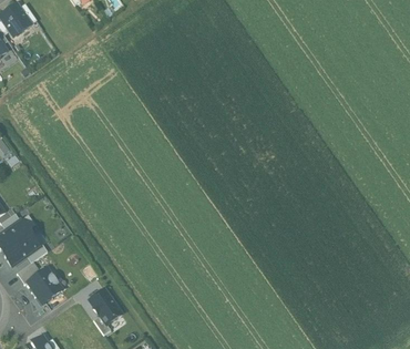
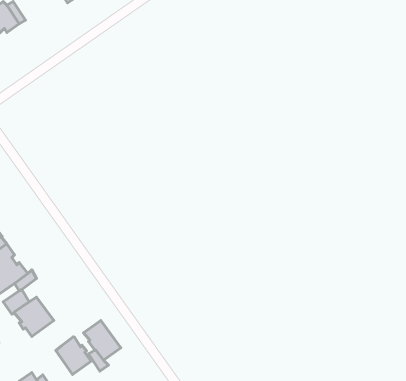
building: none -> [56,337,91,374]

